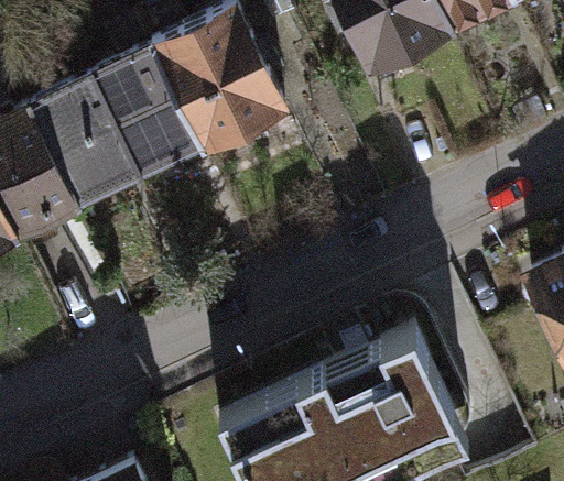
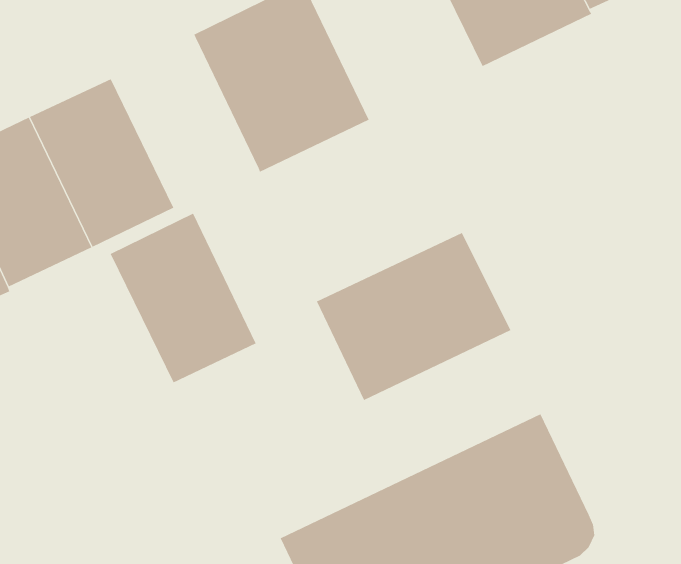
building: [93,52,203,179] -> [110,213,257,383]
building: none -> [316,232,511,401]

